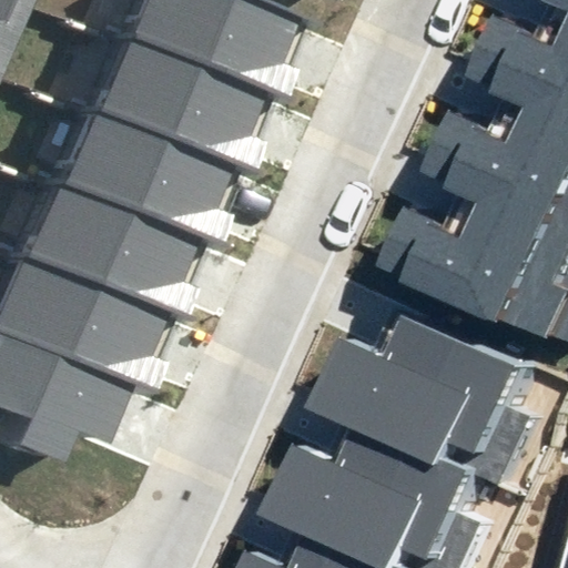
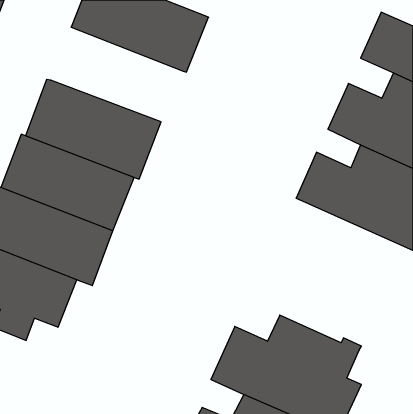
building: [69,42,248,174] -> none
building: [337,321,537,489] -> none

